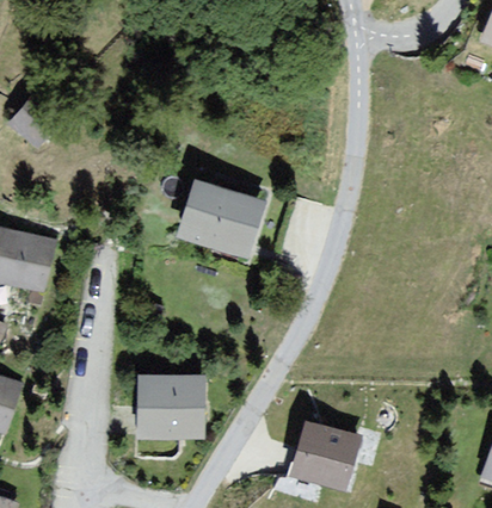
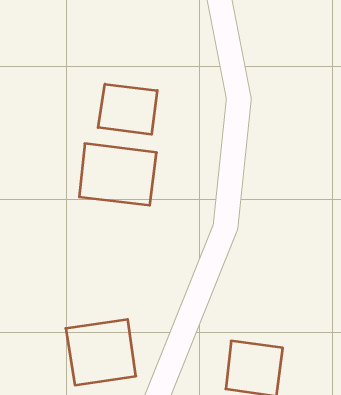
building: none -> [98,84,157,134]

